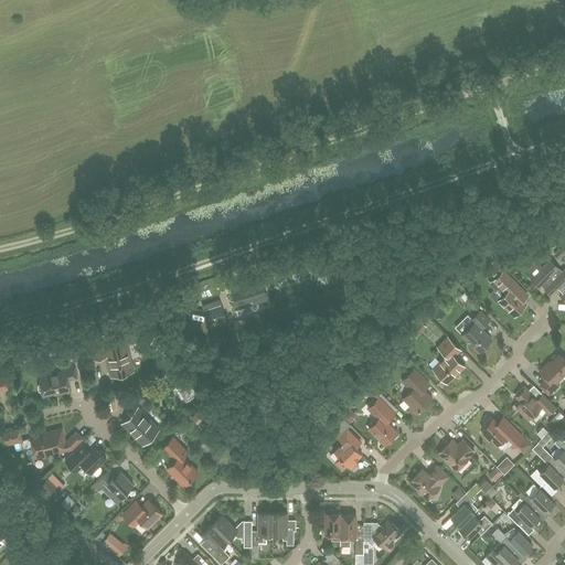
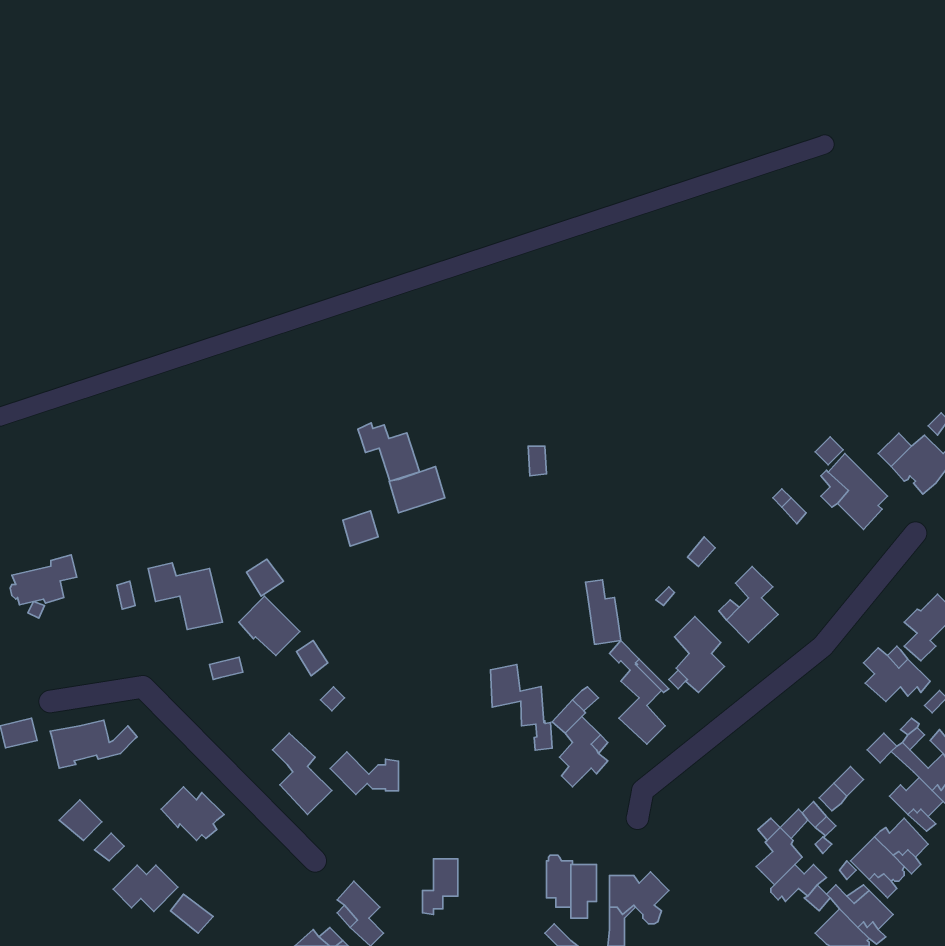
building: none -> [358,423,419,481]
building: [456,311,492,352] -> none
building: none -> [586,580,621,644]
building: [39,365,78,395] -> [10,555,77,605]
building: none -> [491,664,552,750]
building: [124,408,160,444] -> [239,596,300,655]
building: [481,416,522,447] -> none
building: [439,438,475,469] -> none
building: [66,444,107,477] -> none
building: [411,465,448,498] -> none
building: [124,500,162,527] -> [113,865,178,911]
building: [274,512,295,545] -> none
building: [212,515,253,541] -> [330,752,399,794]

